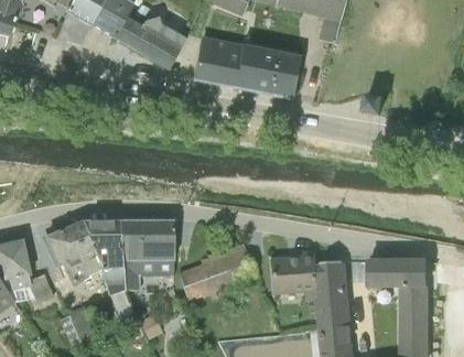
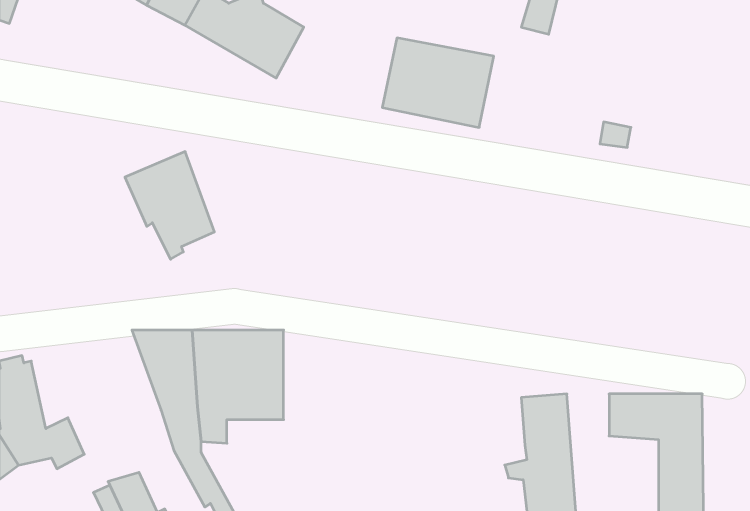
building: [193,35,241,86] -> none
building: [45,220,99,285] -> [125,152,214,259]
building: [180,249,255,300] -> none
building: [268,251,319,293] -> none

